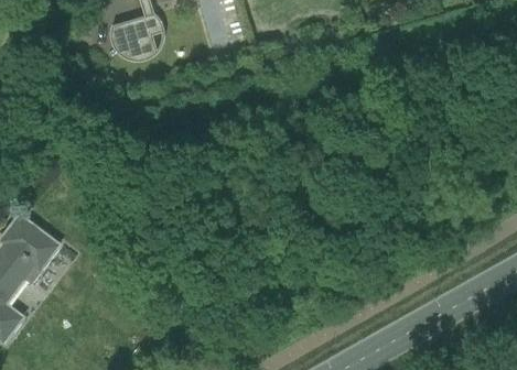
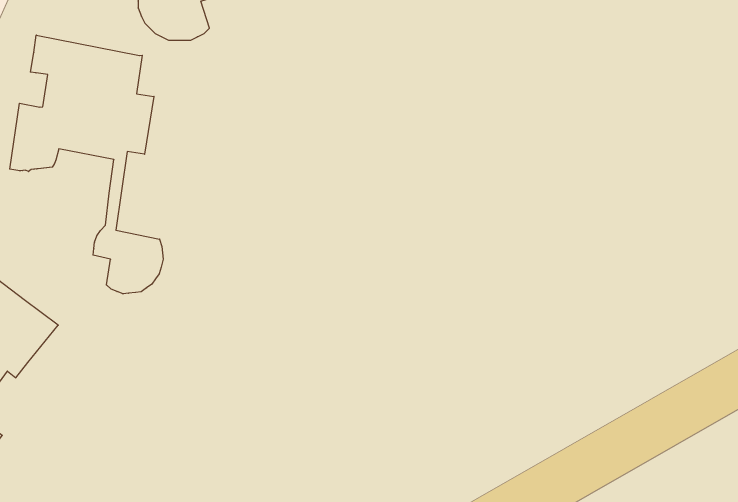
building: none -> [10,35,163,294]

